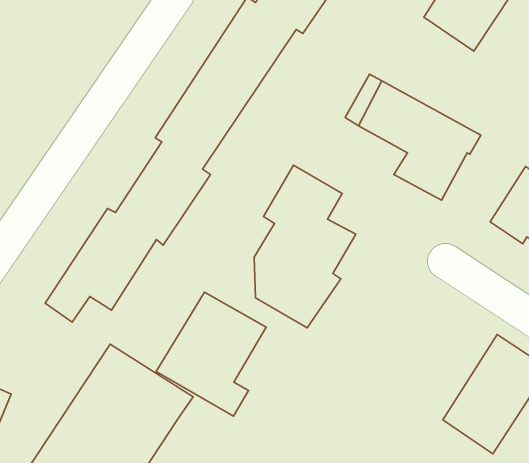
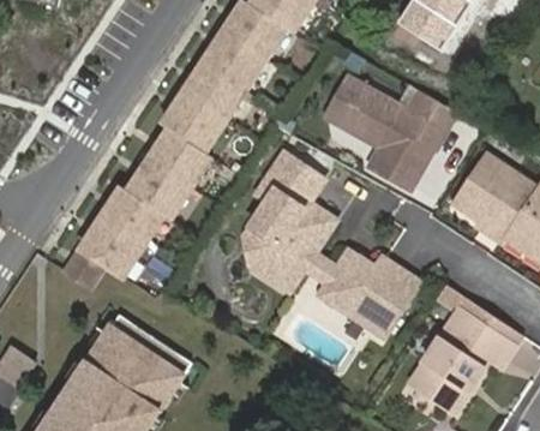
building: none -> [316,251,418,337]
building: [156,292,266,416] -> none

